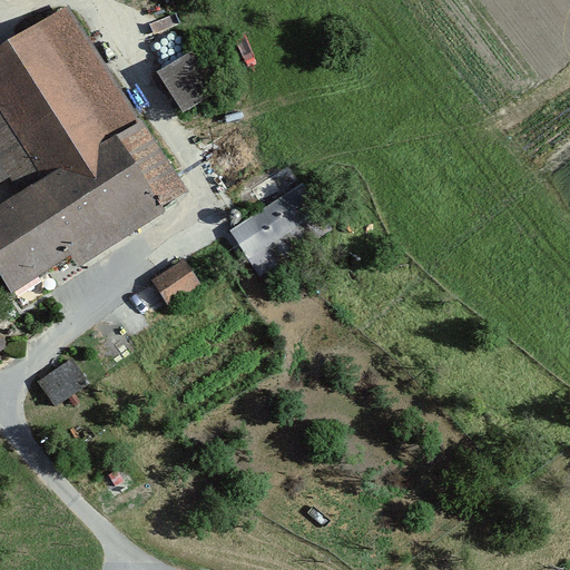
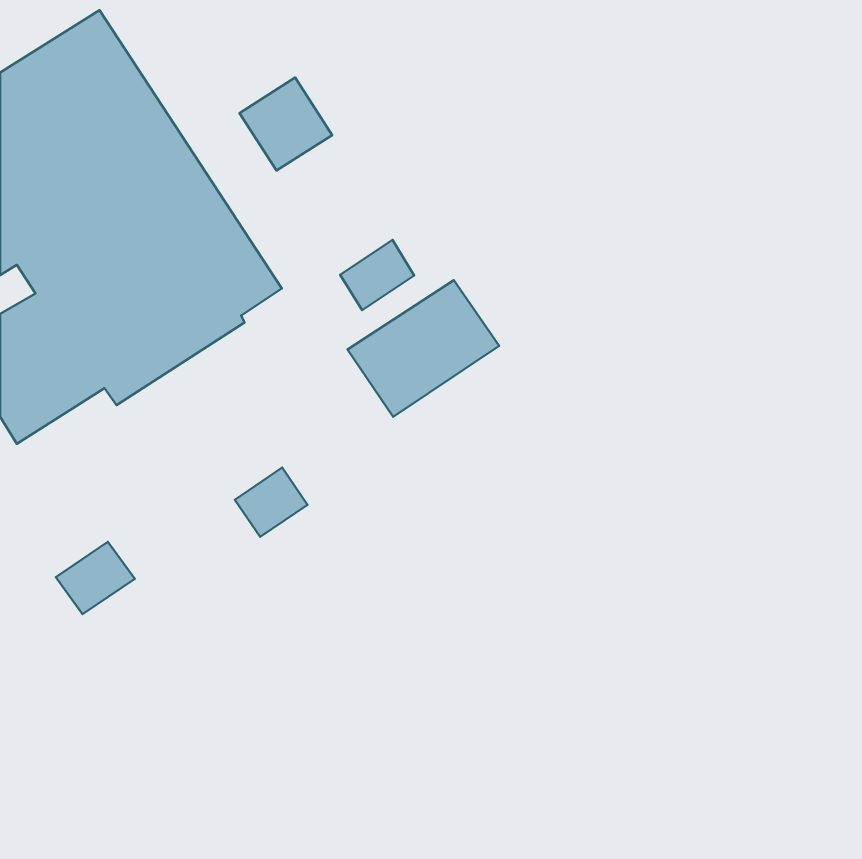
building: none -> [340,240,414,310]
building: [150,259,198,305] -> [235,468,308,537]

